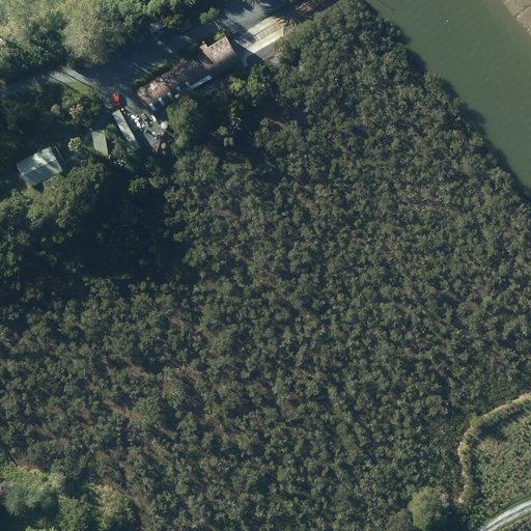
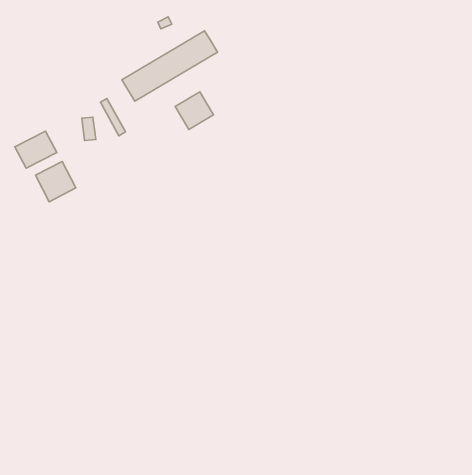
building: none -> [175,92,213,130]
building: none -> [36,162,76,202]

